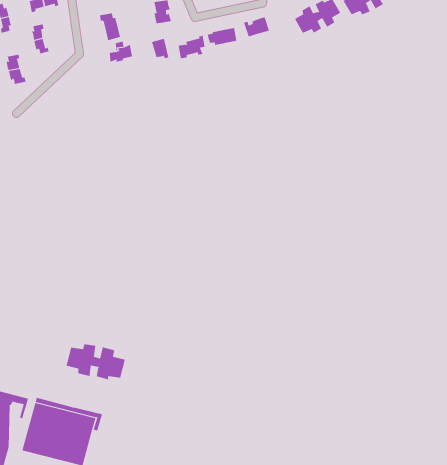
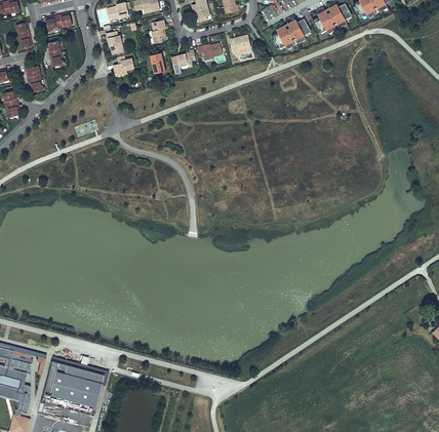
building: [66,344,126,380] -> none

